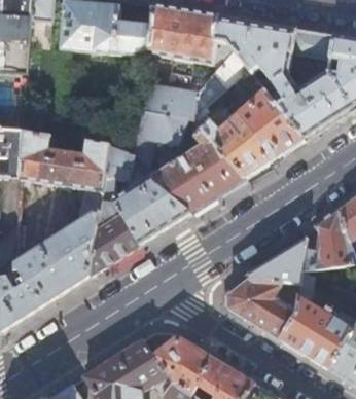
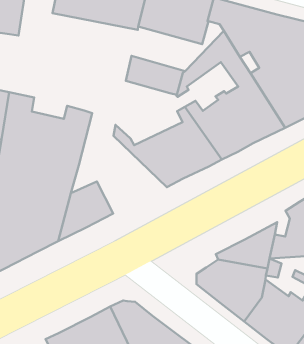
building: [136,109,185,145] -> none
building: [101,145,191,244] -> none

